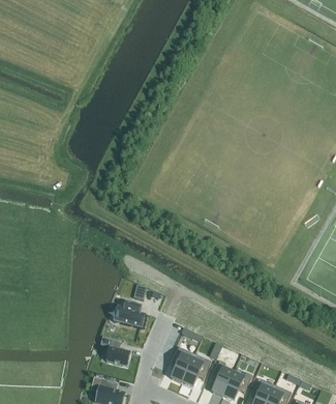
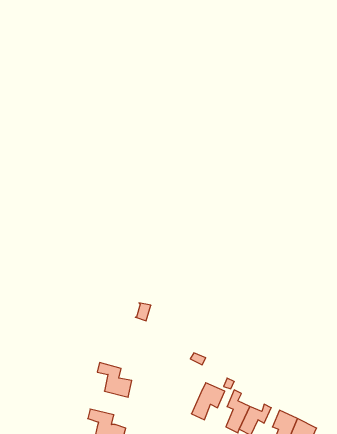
building: [116,299,146,327] -> none
building: [171,346,191,382] -> none

